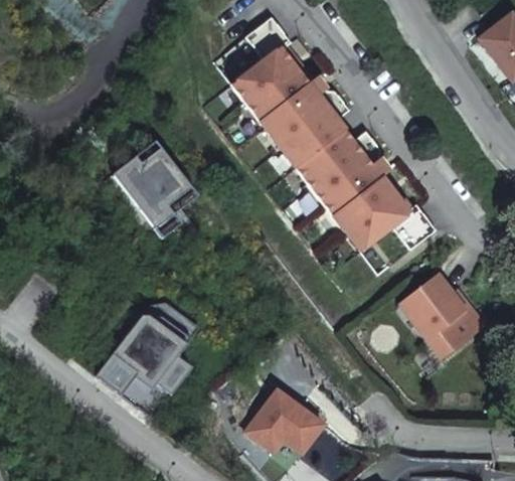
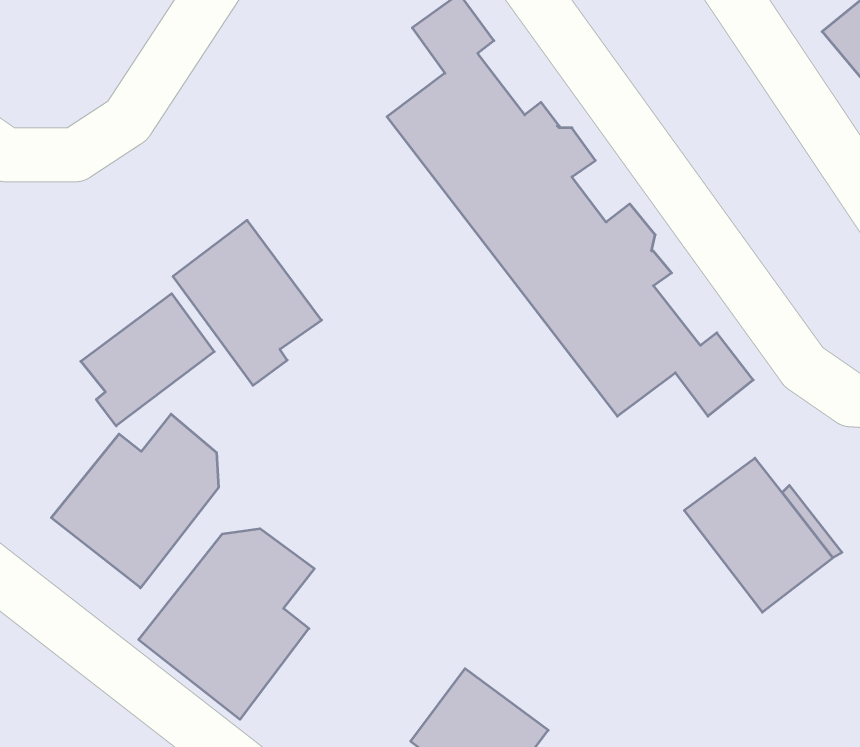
building: none -> [81,294,214,426]
building: none -> [51,414,218,588]

